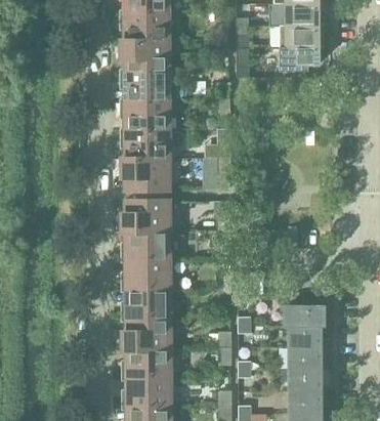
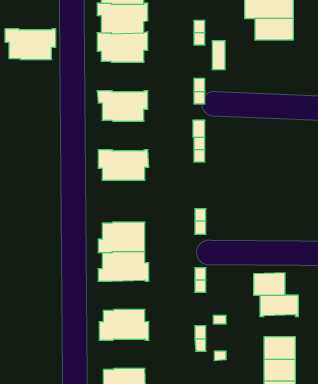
building: [280,47,319,77] -> none
building: [121,69,172,99] -> [5,29,56,59]
building: [122,128,172,159] -> none
building: [122,200,173,231] -> none
building: [123,289,169,320] -> none
building: [289,324,321,346] -> [254,273,285,295]
building: [123,348,169,379] -> none

